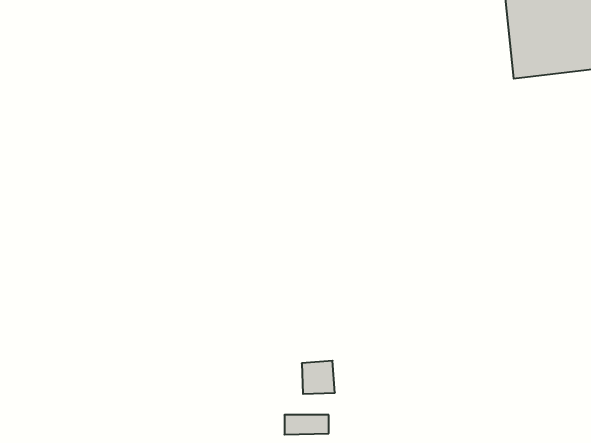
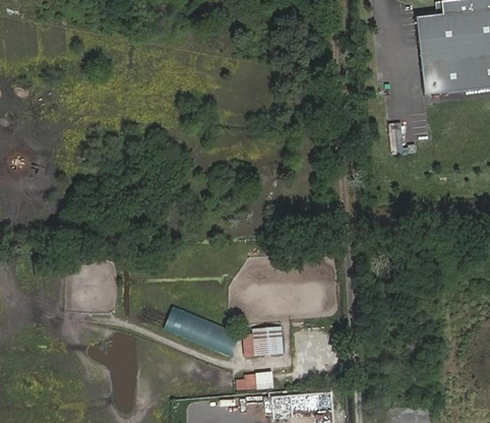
building: none -> [163,305,239,356]

